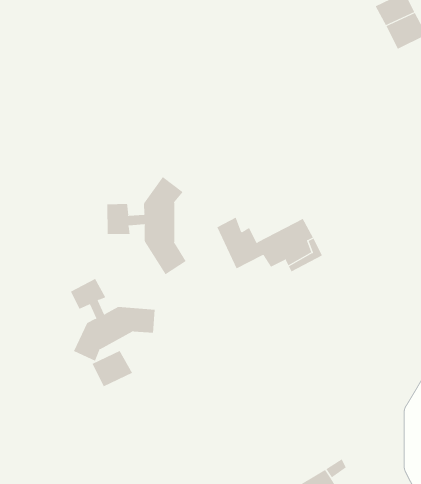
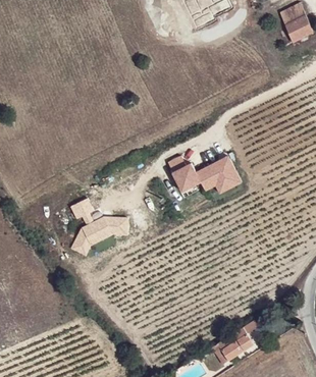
building: [107,176,186,275] -> none
building: [92,350,133,387] -> none

